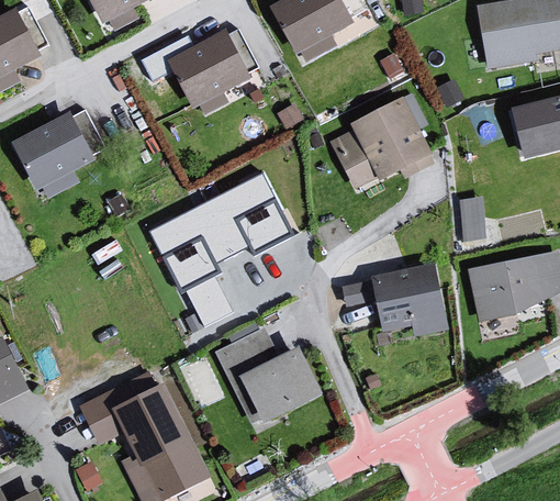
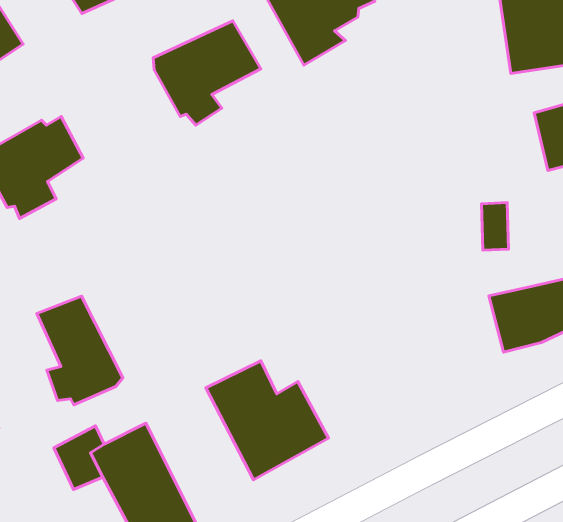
building: [331,94,435,197] -> none
building: [154,165,293,320] -> none
building: [371,265,449,338] -> none
building: none -> [37,296,123,405]

